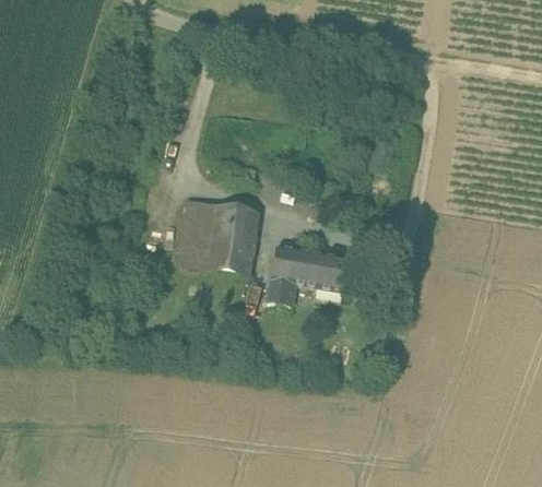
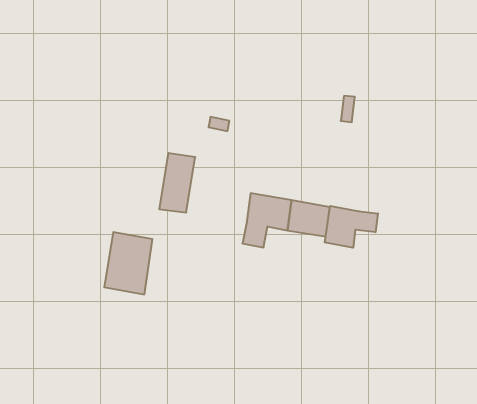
building: [205,205,258,273] -> [104,232,152,294]
building: none -> [325,206,378,248]

